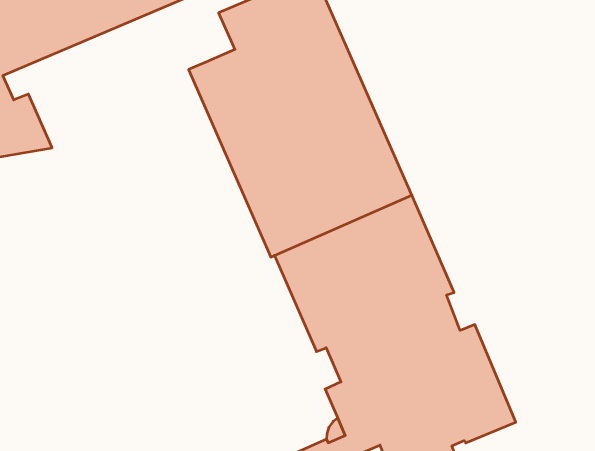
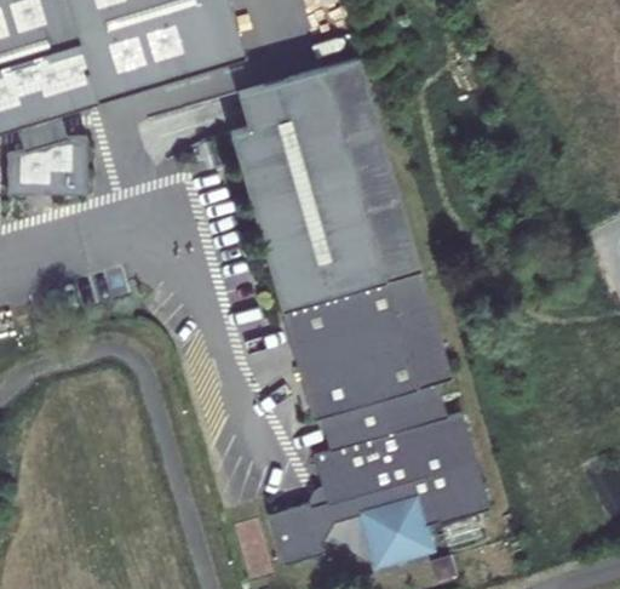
building: none -> [234,84,274,128]

